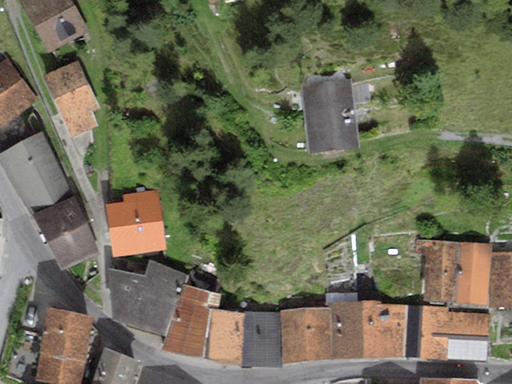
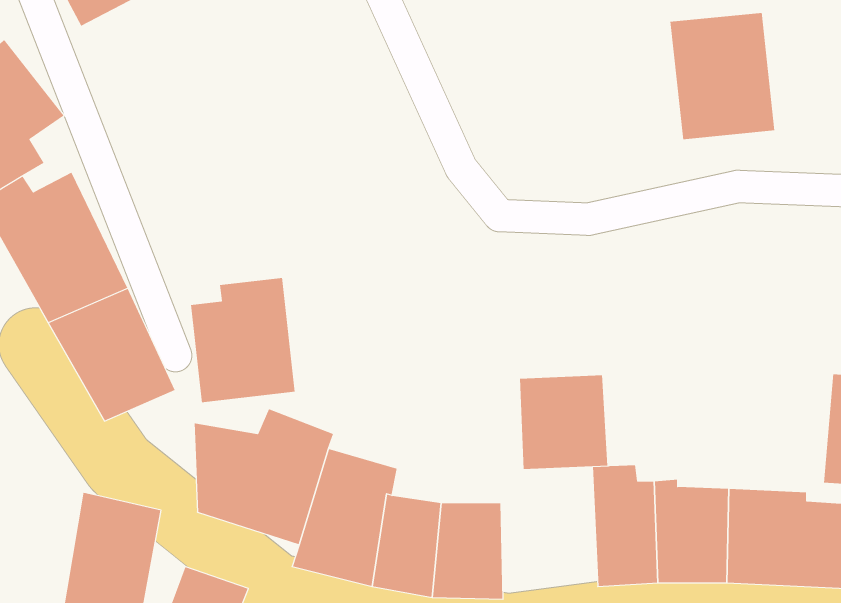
building: [43,61,100,137] -> none
building: [300,79,358,149] -> [670,12,775,140]
building: [414,239,460,302] -> none
building: [282,309,331,361] -> [519,375,608,470]

